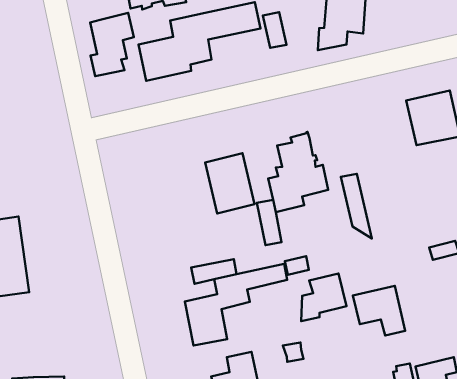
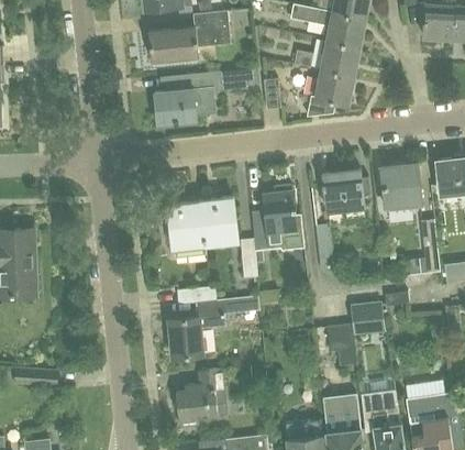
building: [90,13,134,76] -> none
building: none -> [322,169,364,211]
building: none -> [167,201,206,256]
building: none -> [351,307,383,333]
building: [301,274,346,321] -> none

